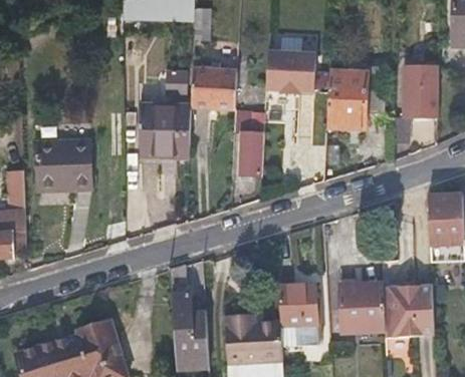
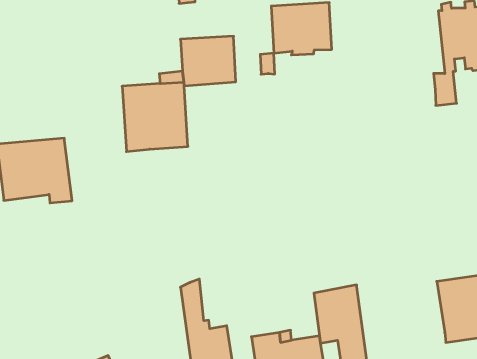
building: [326,68,387,128] -> none
building: [237,112,266,178] -> none
building: [338,283,382,331] -> none

